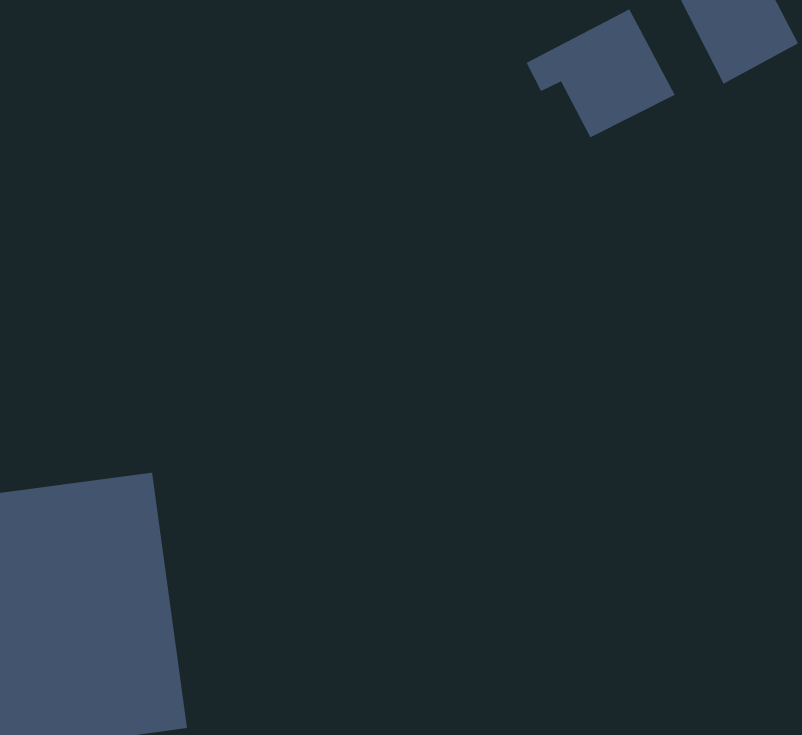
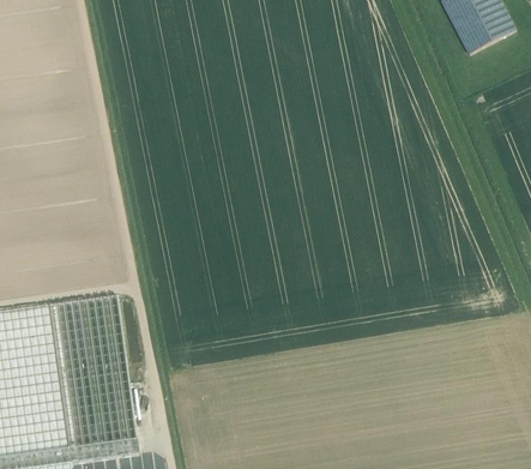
building: [526,9,676,138] -> none

